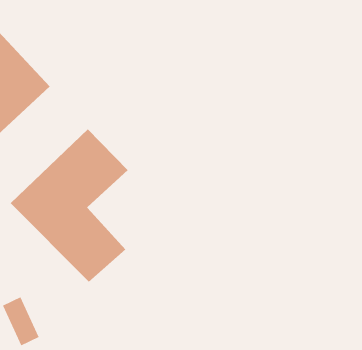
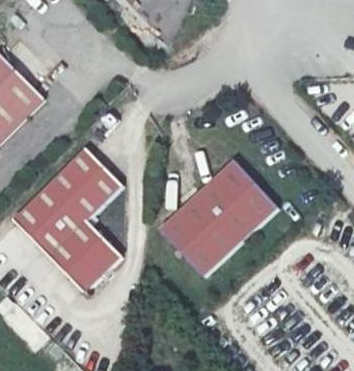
building: none -> [159,161,278,276]

